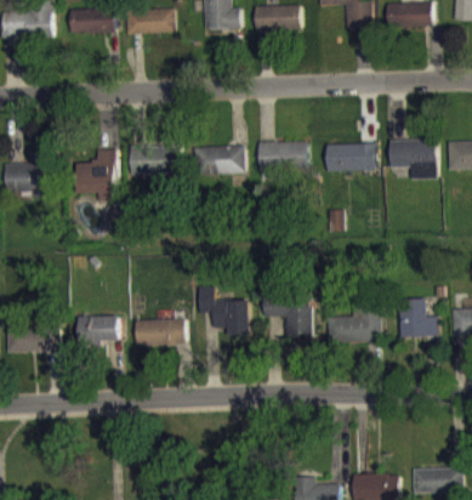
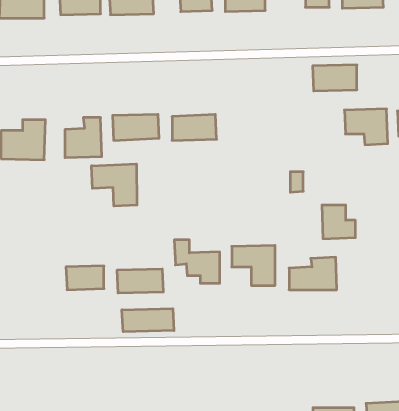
building: [257,141,307,171] -> none
building: [325,143,375,172] -> [313,65,357,91]
building: none -> [92,164,137,206]
building: [398,300,436,337] -> [322,205,355,239]
building: [8,325,58,352] -> none
building: none -> [122,309,174,332]

